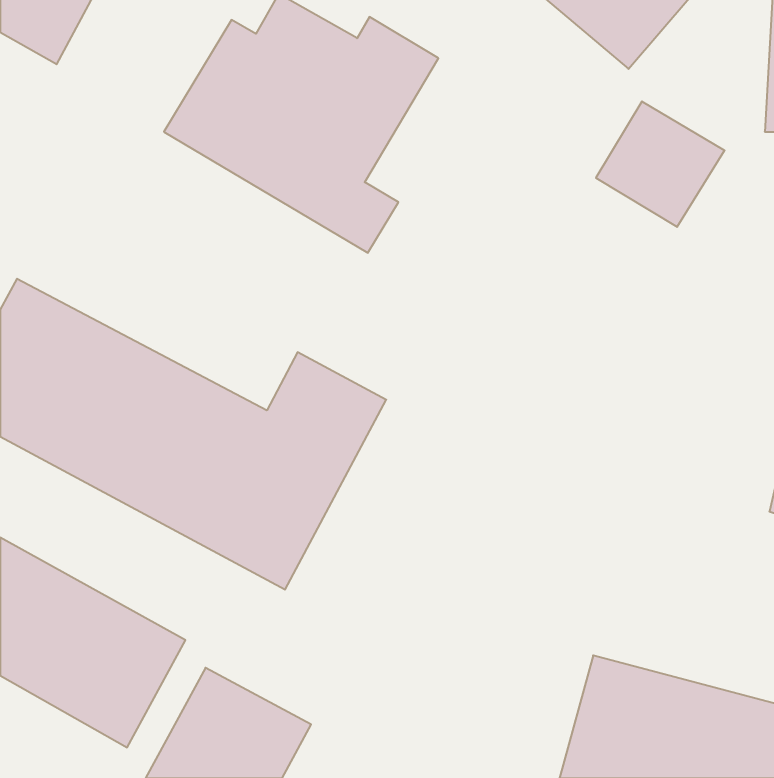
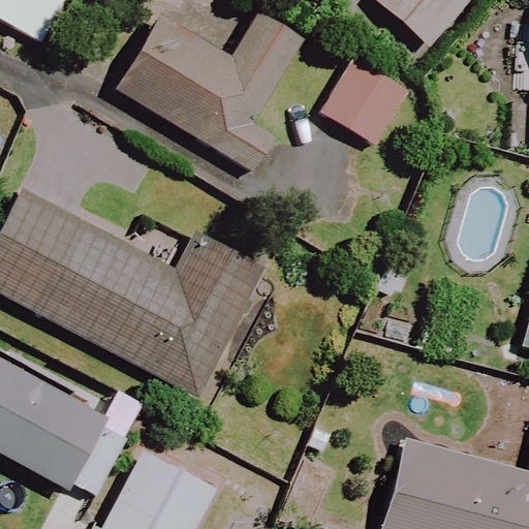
building: [596,101,725,227] -> [321,60,408,145]

